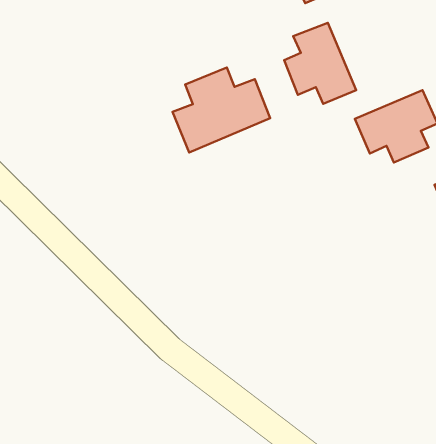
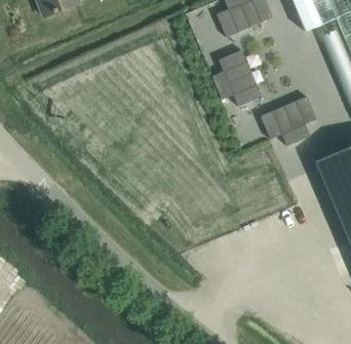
building: [173,67,270,152] -> none

